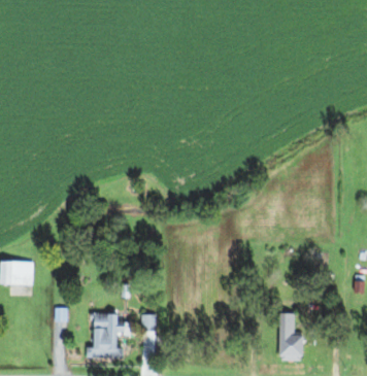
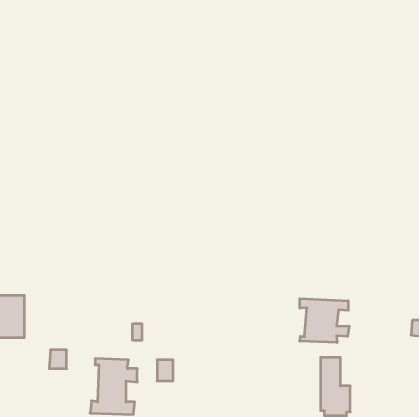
building: none -> [300,299,349,343]

